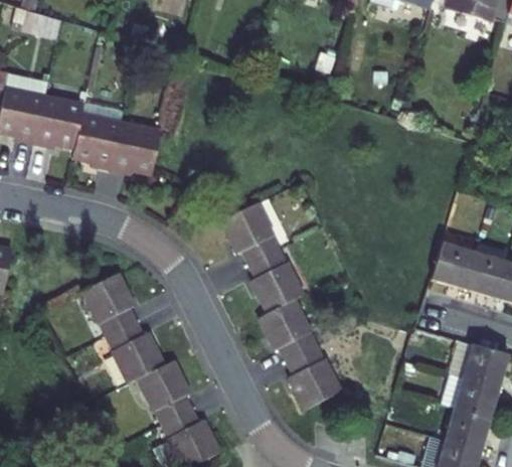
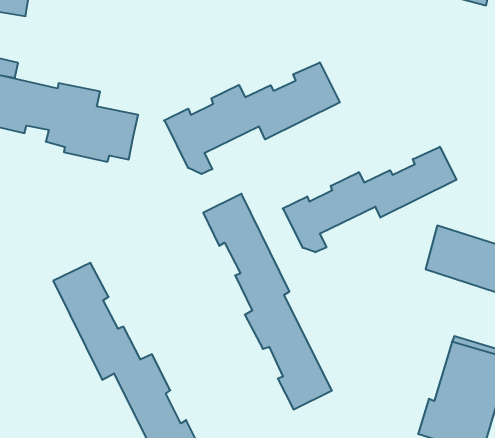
building: none -> [164,62,340,174]
building: none -> [283,147,456,252]

